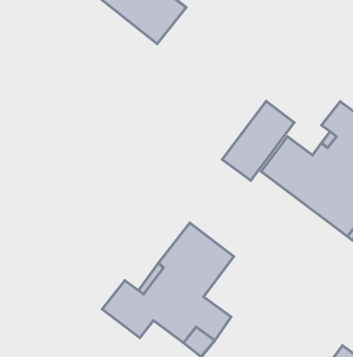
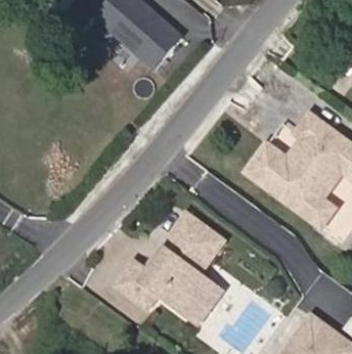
building: [222,101,294,181] -> none

